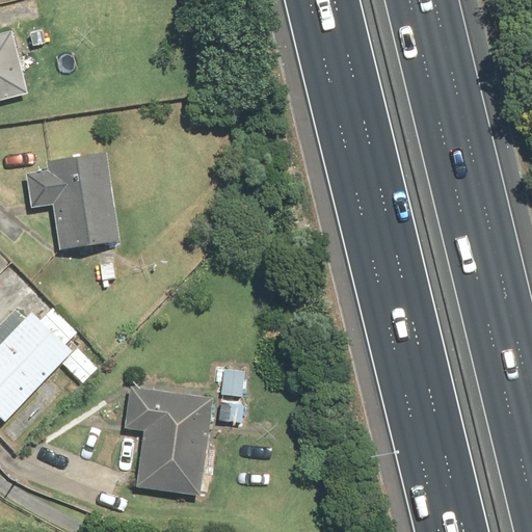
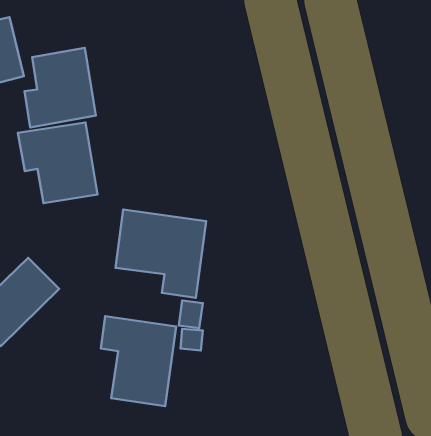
building: none -> [24,48,96,127]
building: none -> [115,210,206,298]

